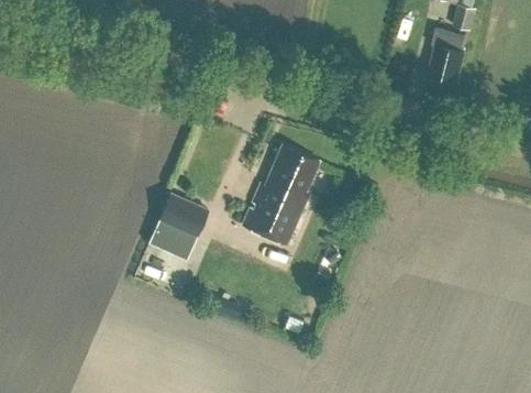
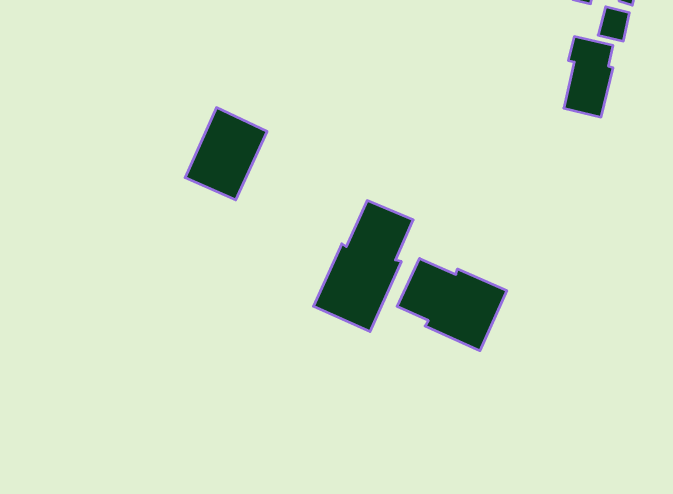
building: [148,190,209,259] -> [185,108,267,200]
building: none -> [397,258,507,351]

